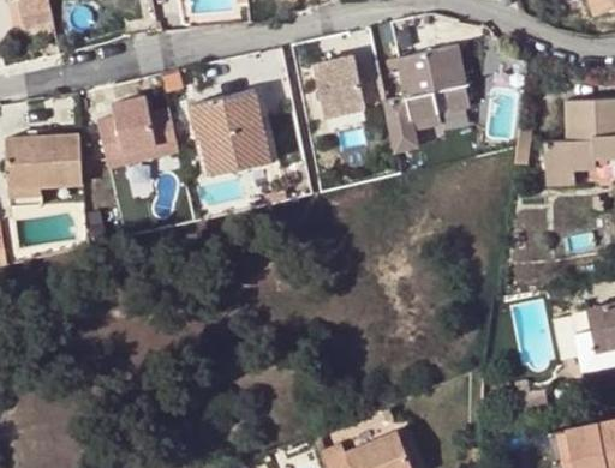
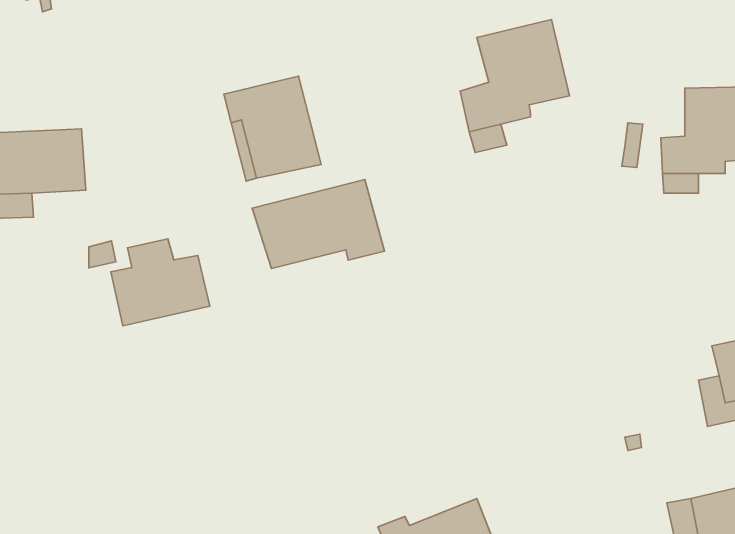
building: [311,56,383,116] -> none
building: [100,96,179,166] -> [111,239,210,326]
building: none -> [252,180,384,269]

